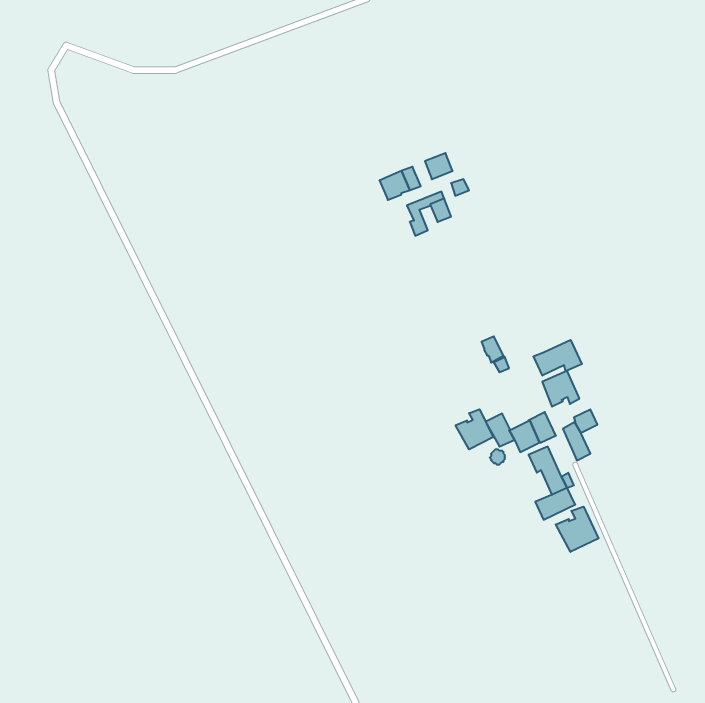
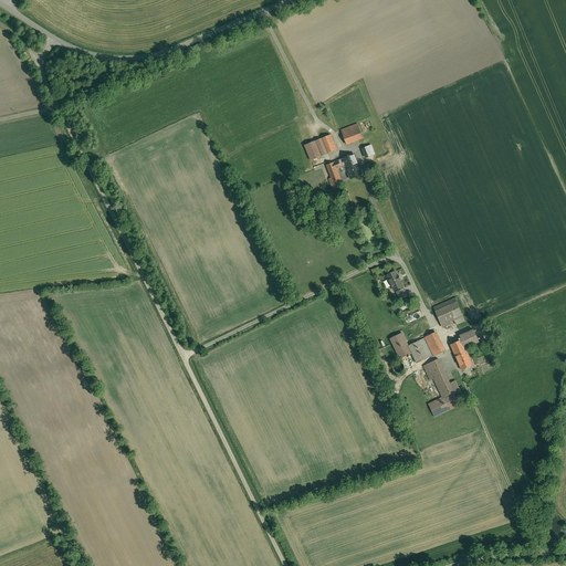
building: [534,340,582,376] -> none
building: [456,409,493,449] -> none
building: [556,507,598,552] -> none

